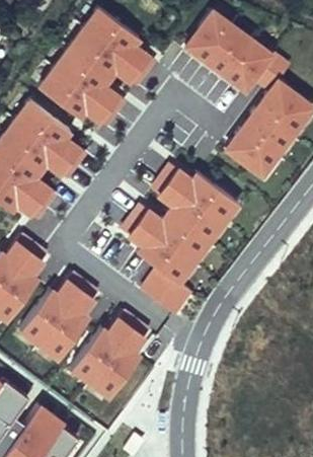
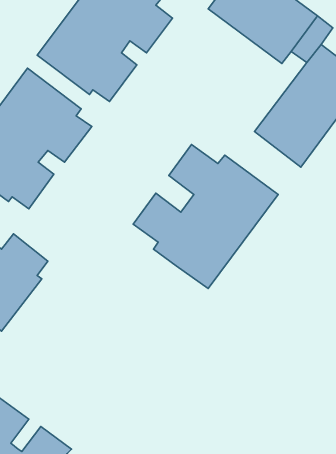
building: [140,266,193,317] -> none
building: [19,278,97,360] -> none
building: [71,317,149,399] -> none

